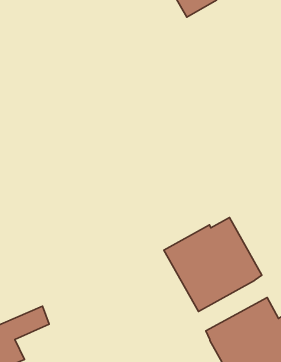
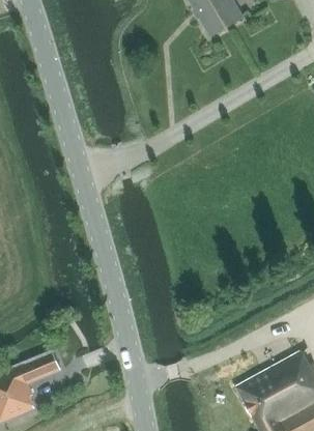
building: [164,217,262,311] -> none

